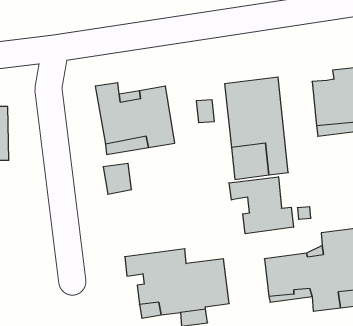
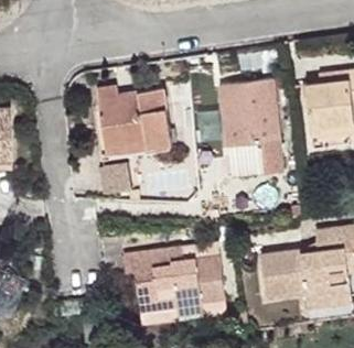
building: [229,177,293,234] -> none

